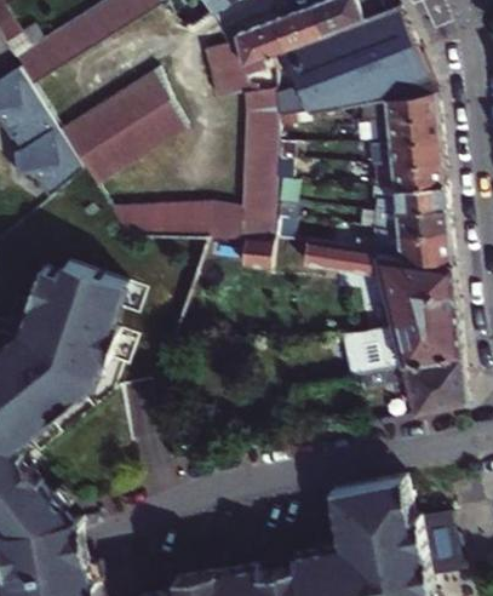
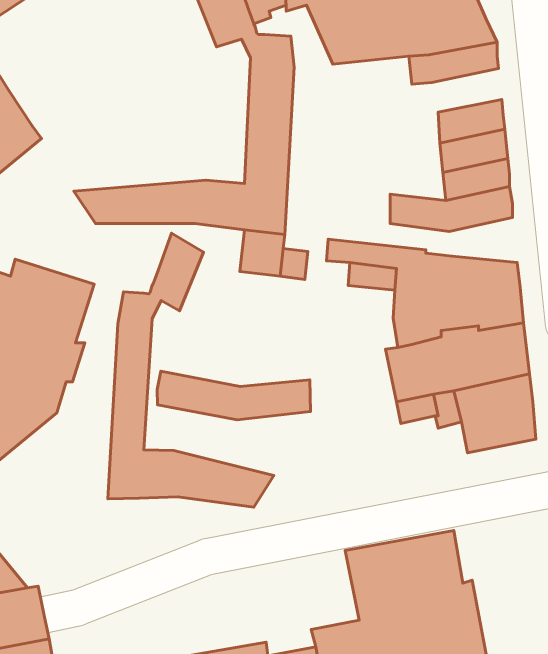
building: [57,65,183,188] -> none
building: [372,113,442,147] -> none
building: [401,229,454,264] -> none
building: none -> [108,233,274,507]
building: none -> [157,371,310,420]

